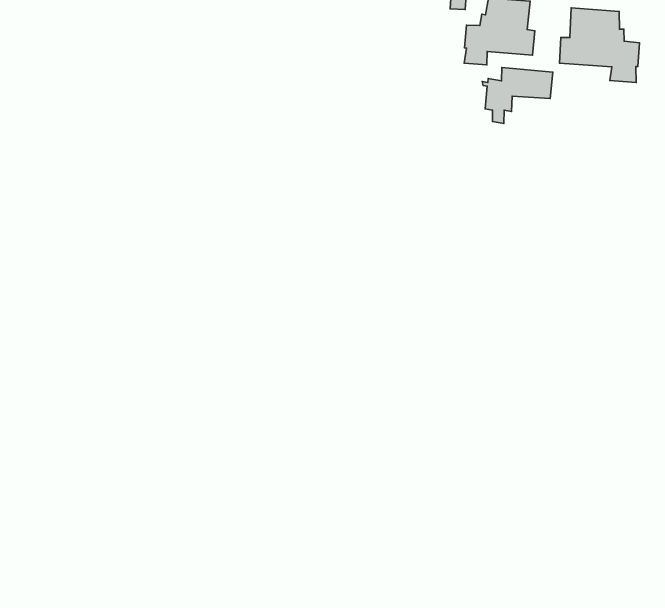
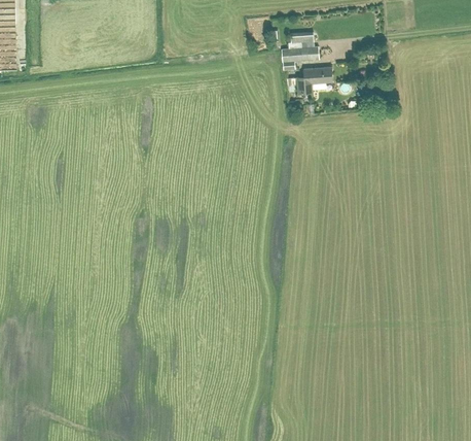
building: [559,8,640,82] -> none

